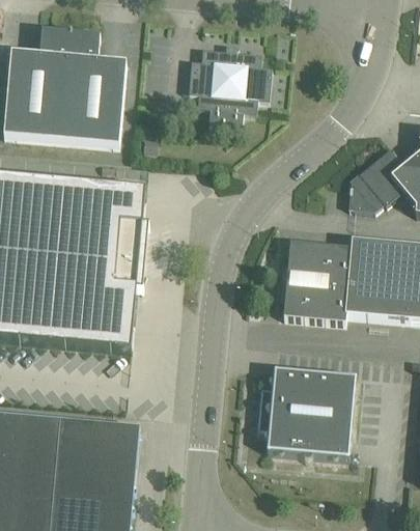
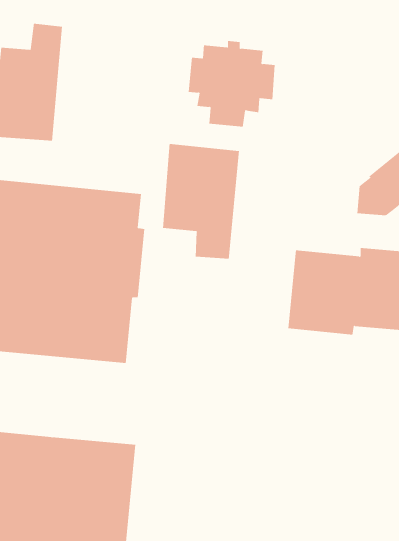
building: [61,28,127,142] -> none
building: none -> [163,143,239,260]
building: [257,366,357,455] -> none

